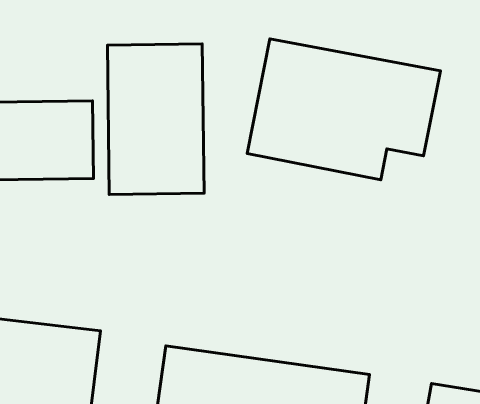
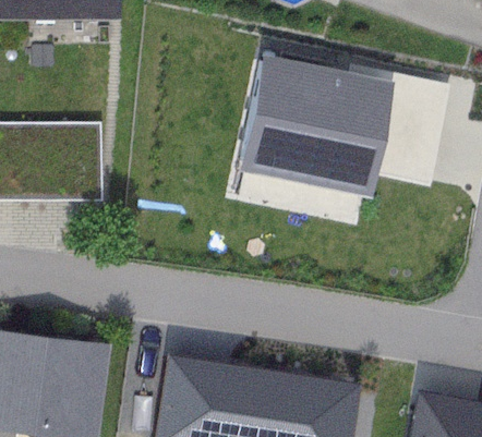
building: [107,44,204,194] -> none

